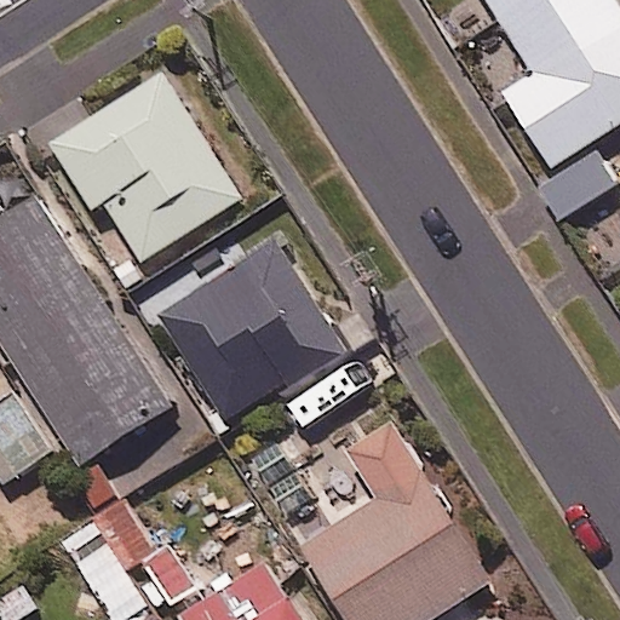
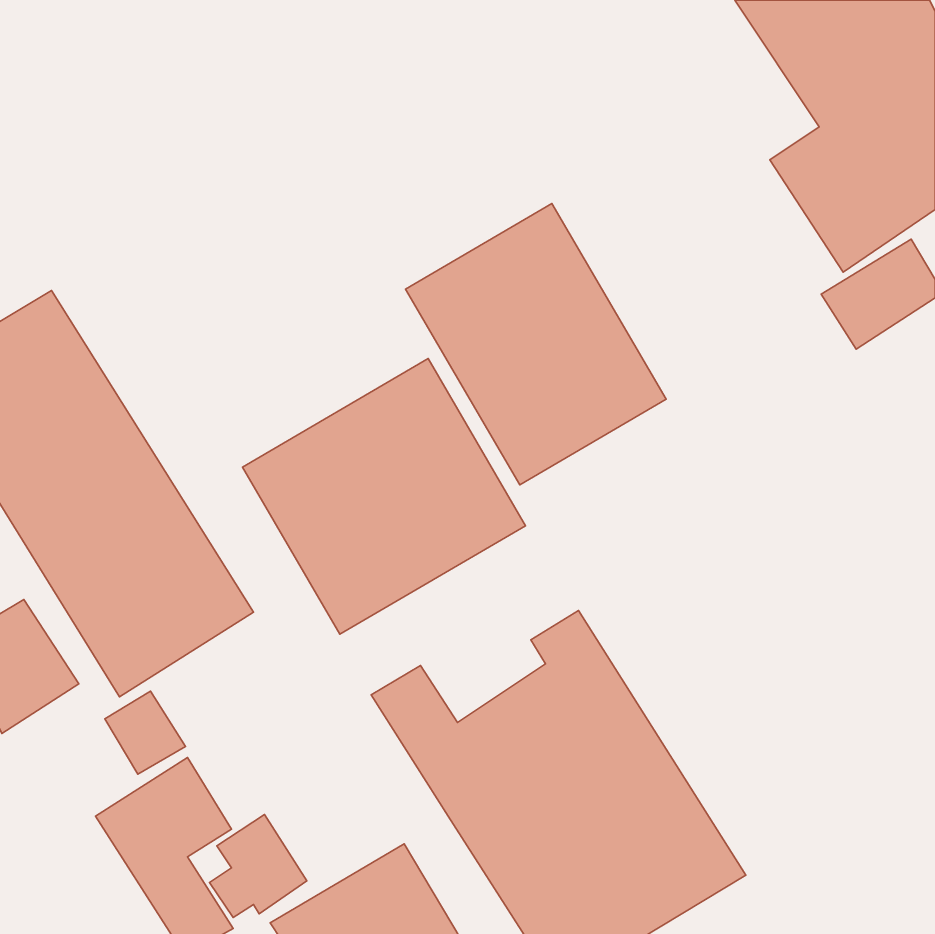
building: [46,73,241,259] -> none
building: none -> [406,204,666,485]

